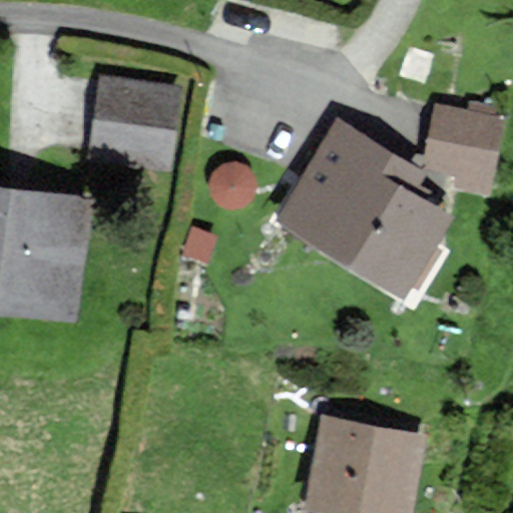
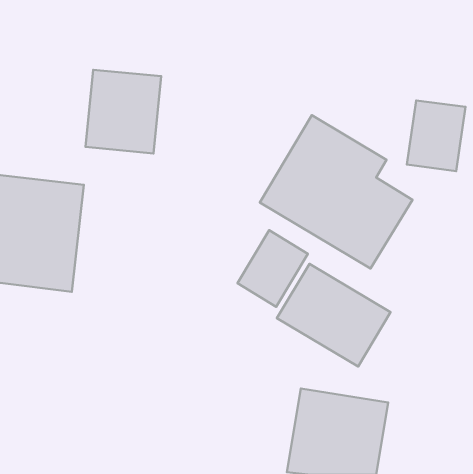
building: none -> [238,230,308,307]
building: none -> [277,264,391,366]

